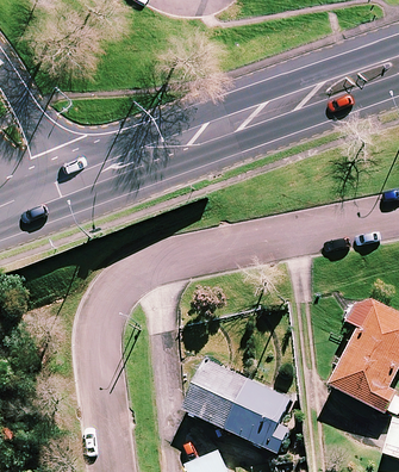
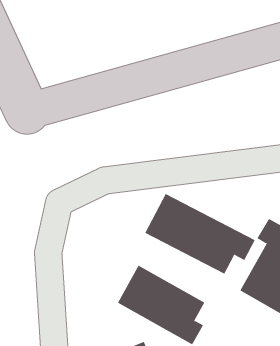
building: none -> [144,193,255,274]

